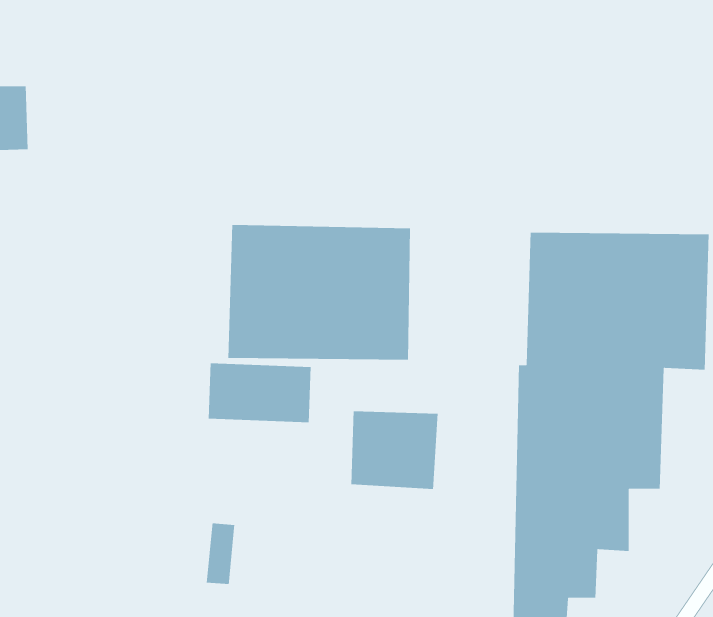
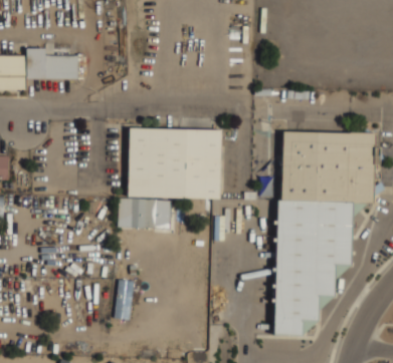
building: none -> [26,48,78,79]
building: [351,411,439,490] -> none

